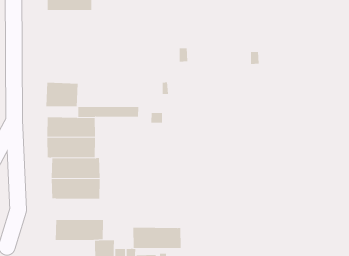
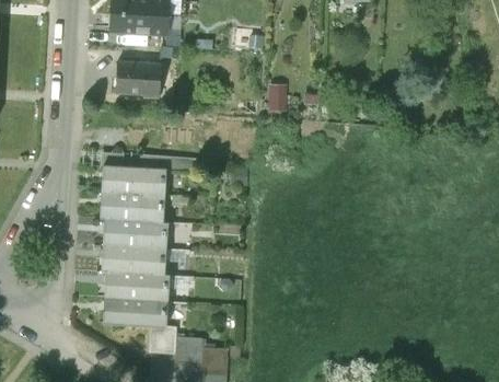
building: [45,82,79,107] -> [119,61,163,95]
building: [132,227,182,248] -> [103,269,165,300]

